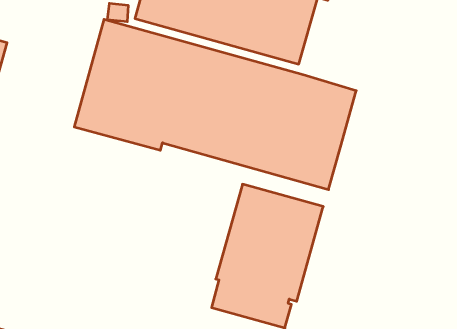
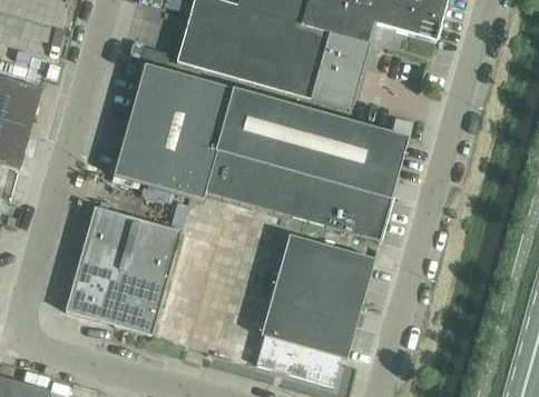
building: none -> [65,206,180,335]

